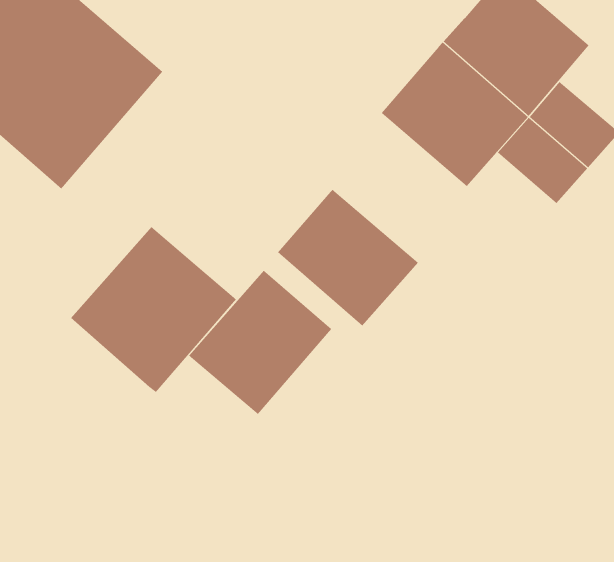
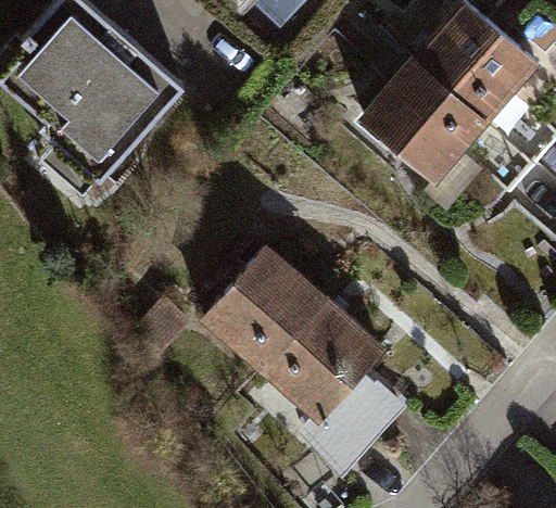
building: [277,189,419,326] -> none
building: [70,226,237,393] -> none
building: none -> [261,297,405,470]

